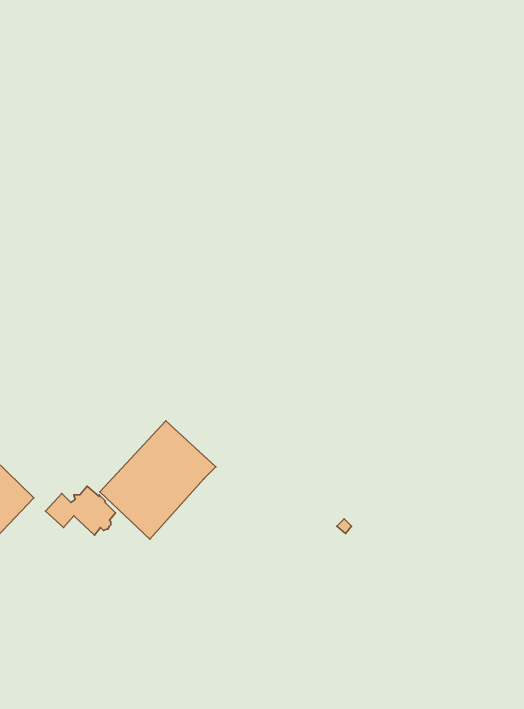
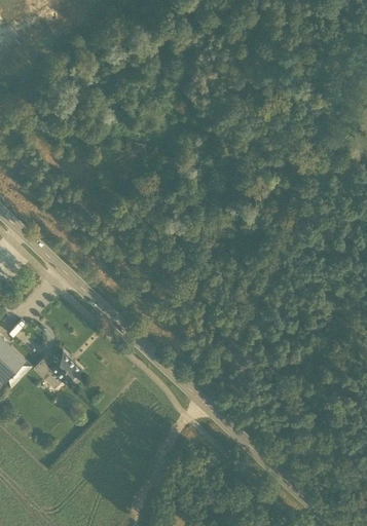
building: [100,421,216,539] -> none

